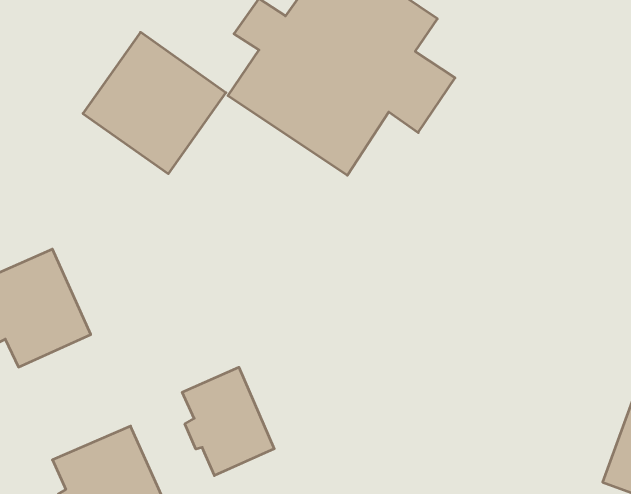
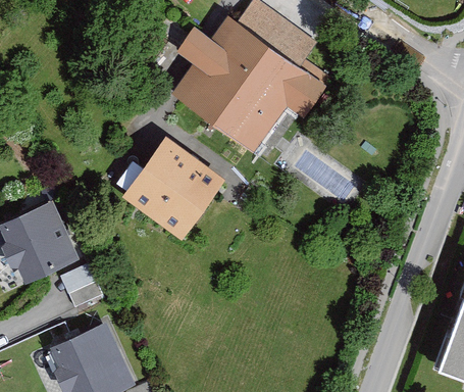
building: [83,32,226,174] -> [124,140,223,238]
building: [182,367,274,476] -> none

